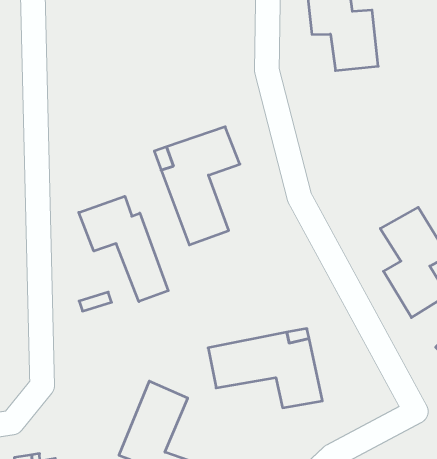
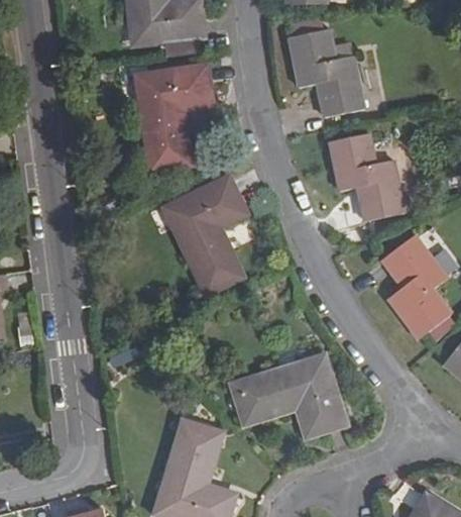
building: none -> [140,67,211,169]
building: none -> [329,133,405,220]
building: [79,196,168,302] -> none

